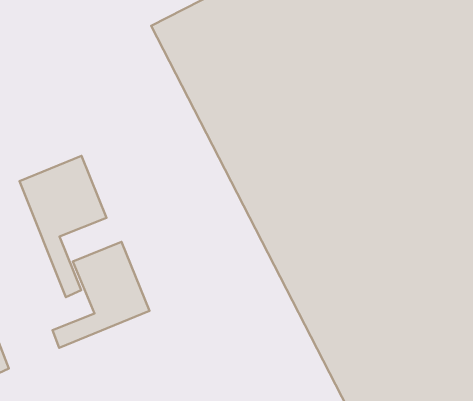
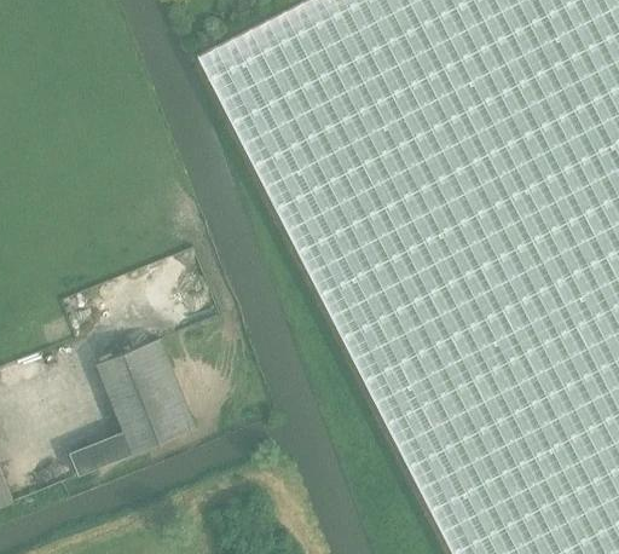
building: [19,156,107,297] -> none

